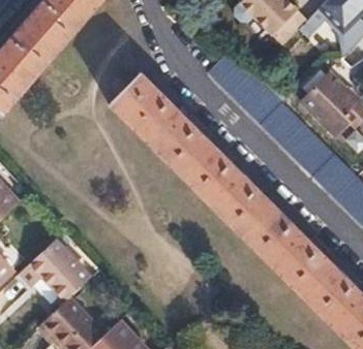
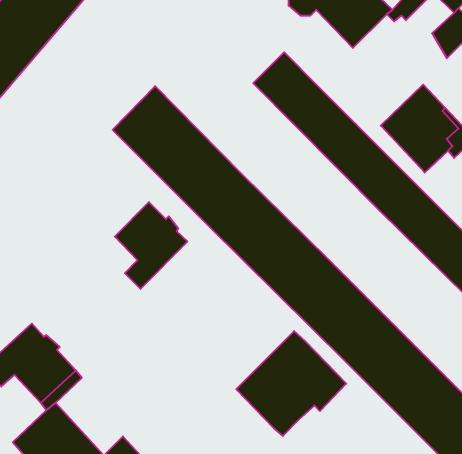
building: none -> [115,202,187,289]
building: none -> [236,331,346,436]

